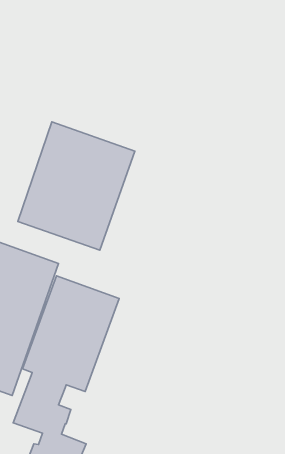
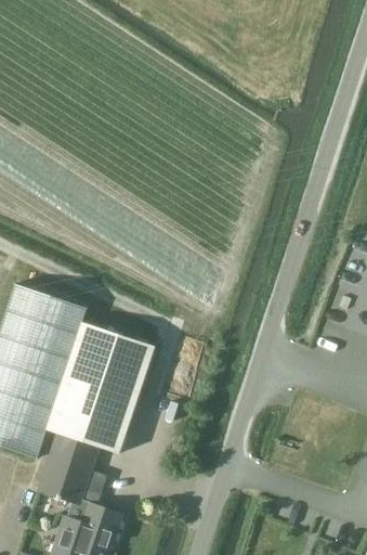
building: [18,122,135,250] -> none

